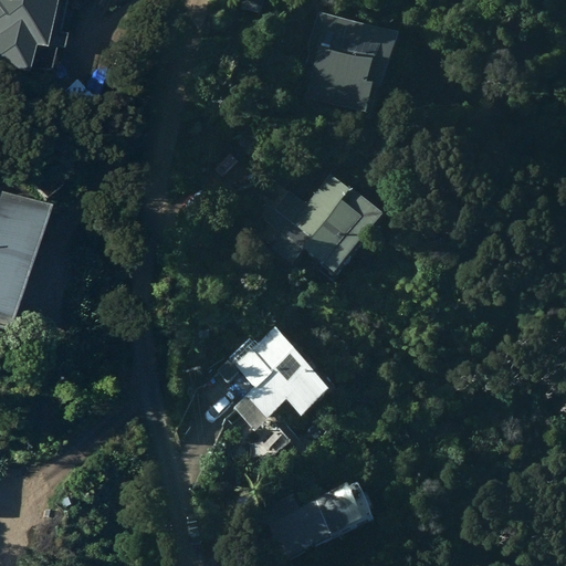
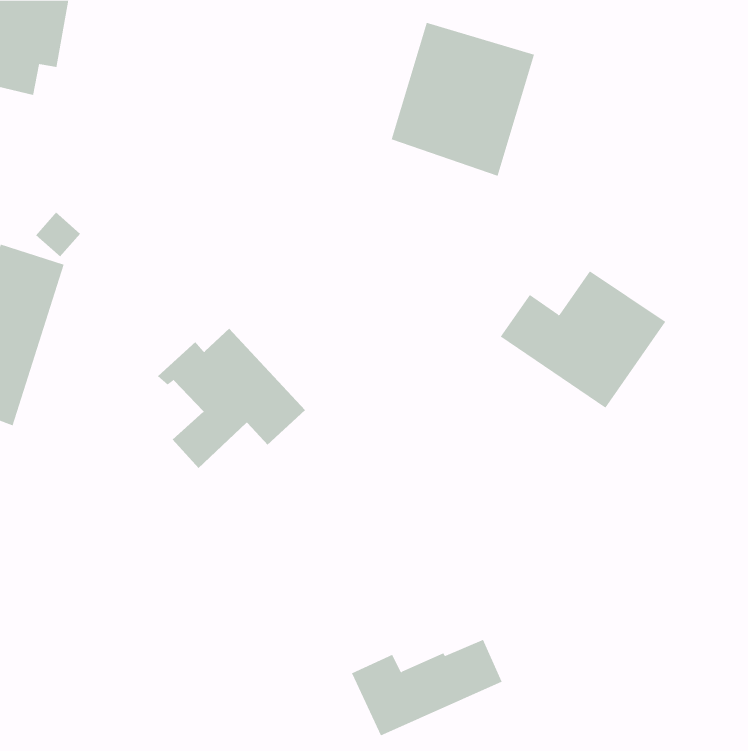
building: [260,179,385,283] -> [500,270,666,409]
building: [227,321,338,427] -> [157,328,306,469]

